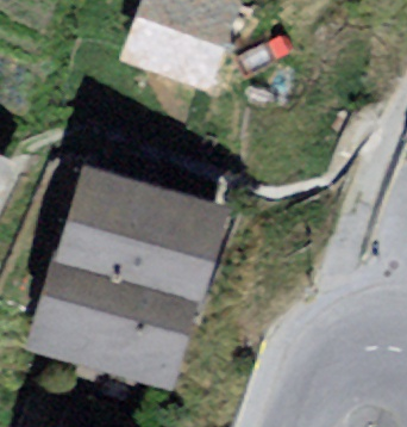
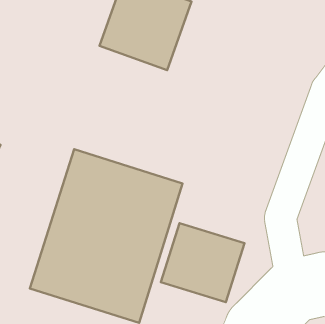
building: none -> [161,223,244,302]

